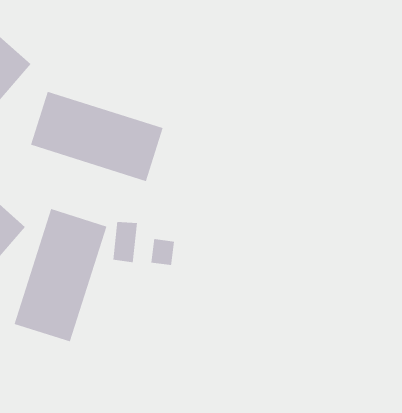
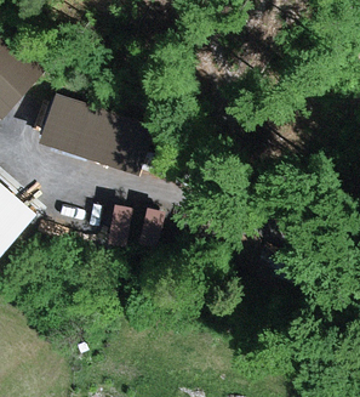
building: [14,208,107,342] -> none

